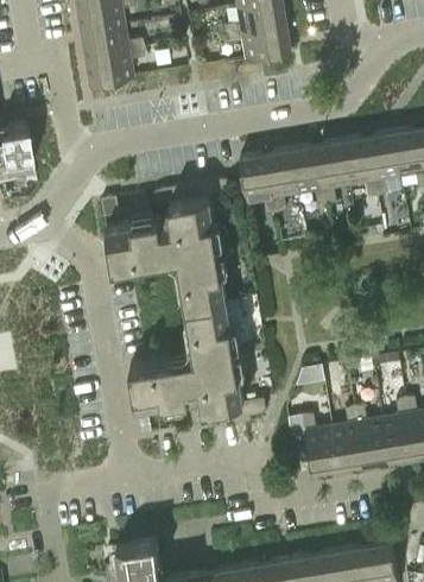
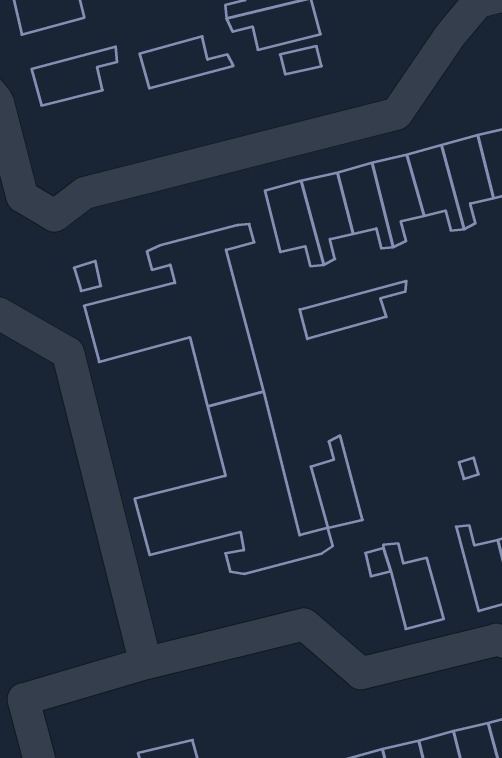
building: [78,25,144,58] -> [140,36,233,88]
building: none -> [300,281,406,339]
building: [331,406,365,470] -> [311,436,363,528]

